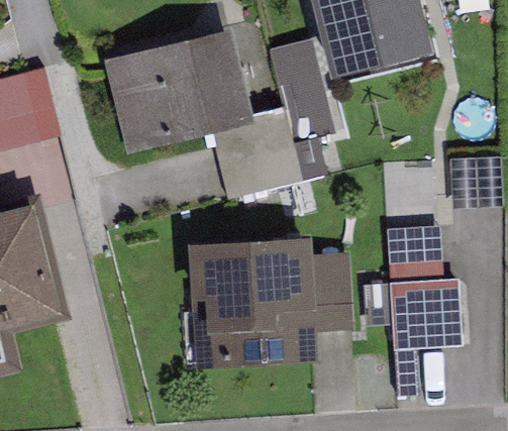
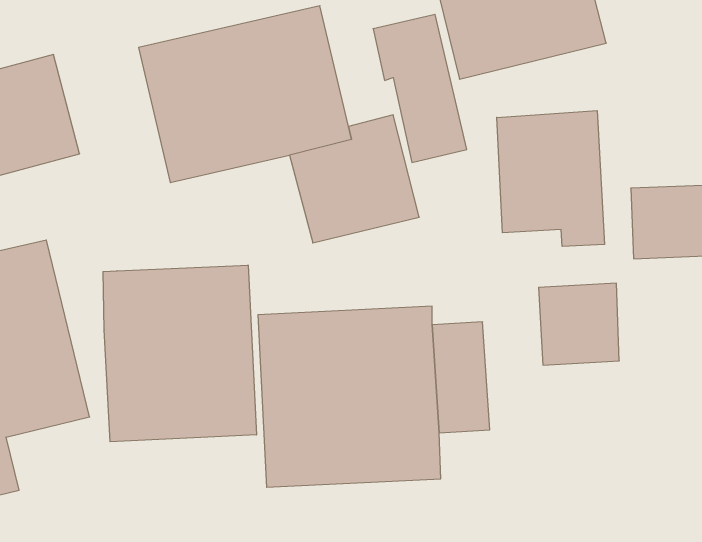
building: none -> [497,111,605,246]
building: none -> [103,265,256,442]
building: [388,279,461,349] -> none

